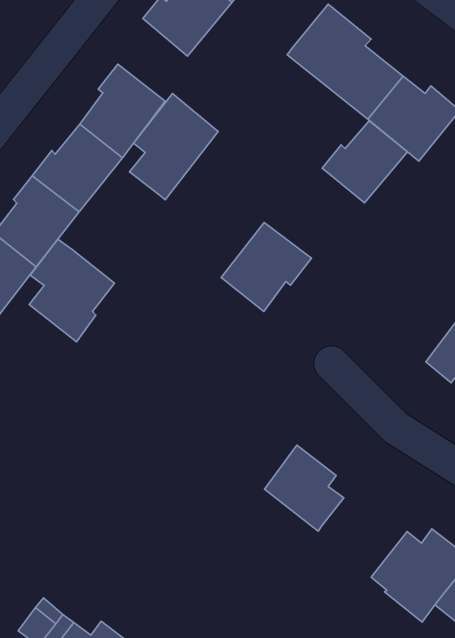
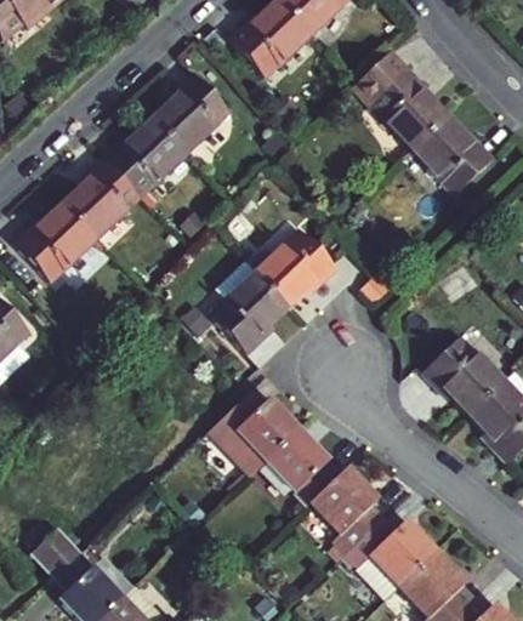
building: [129,94,218,200] -> none
building: [322,121,408,203] -> none
building: [29,239,115,342] -> [212,261,290,353]
building: none -> [210,392,301,475]
building: none -> [312,467,386,553]

